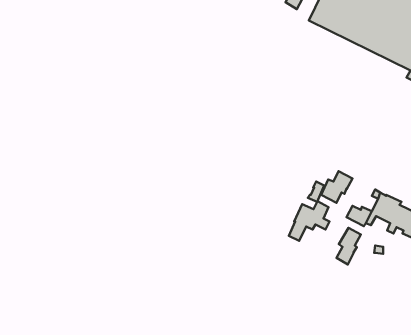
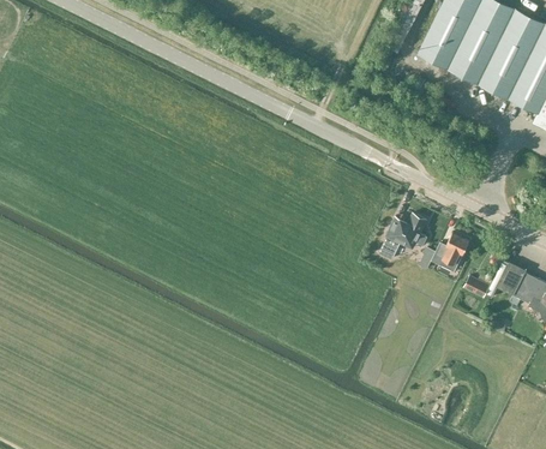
building: [289,201,330,241] -> [380,214,428,261]
building: [336,228,361,264] -> none

